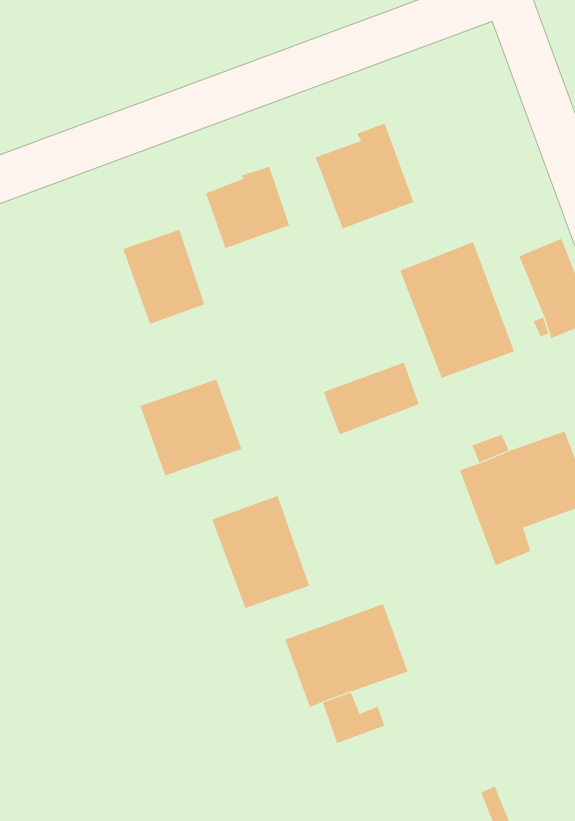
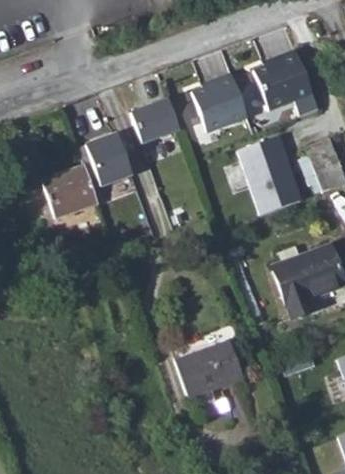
building: none -> [254,49,319,117]
building: [323,362,420,435] -> none
building: [140,379,242,476] -> [42,164,99,218]
building: [212,495,310,609] -> none

